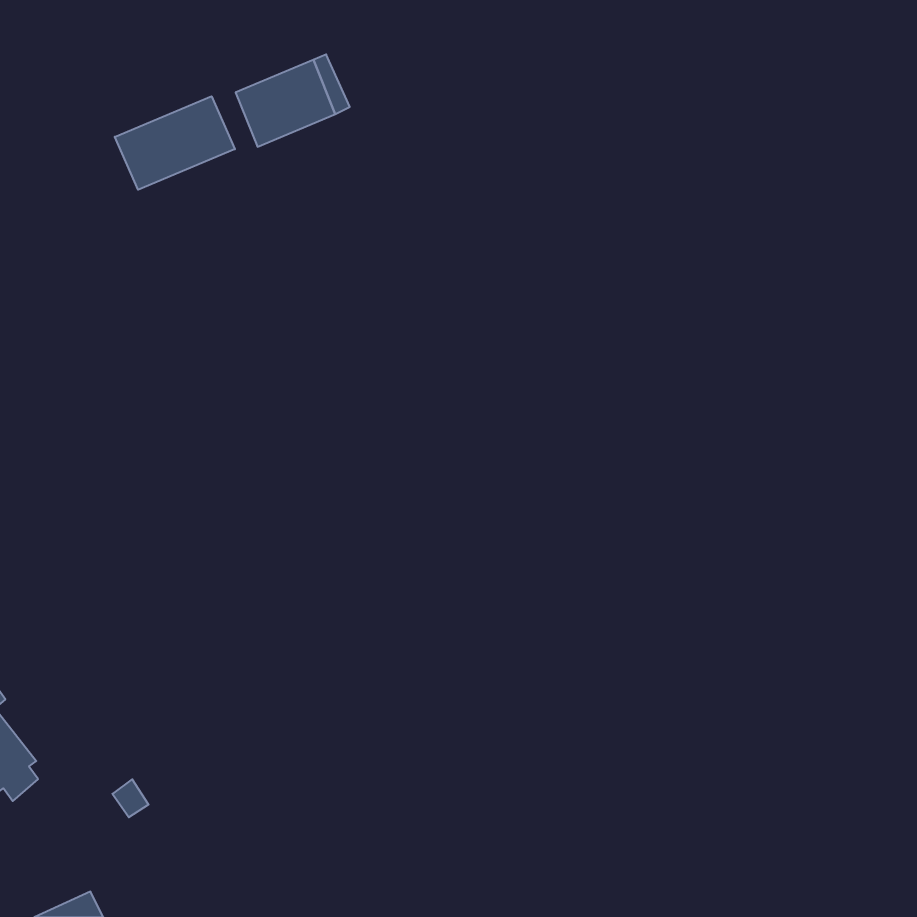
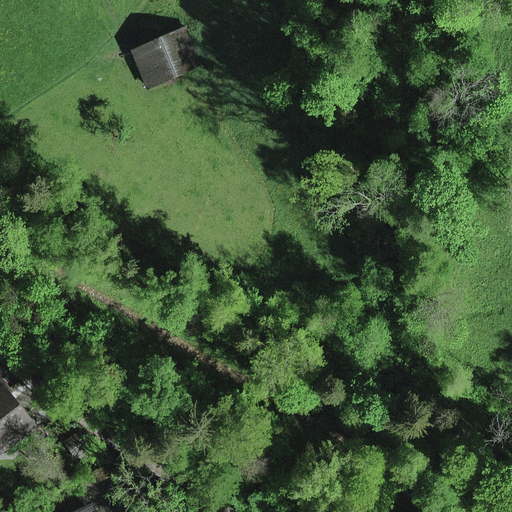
building: [115,96,235,190] -> none

